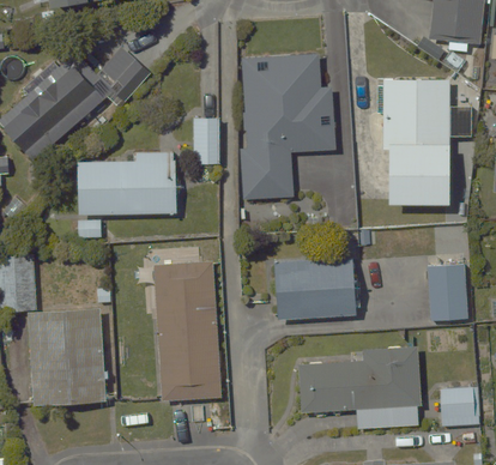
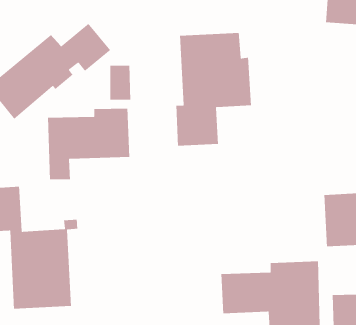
building: [380,77,452,205] -> none
building: [193,115,220,161] -> [109,65,131,101]
building: [273,253,355,319] -> none
building: [152,260,223,401] -> none

